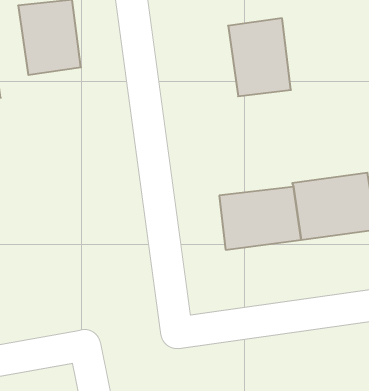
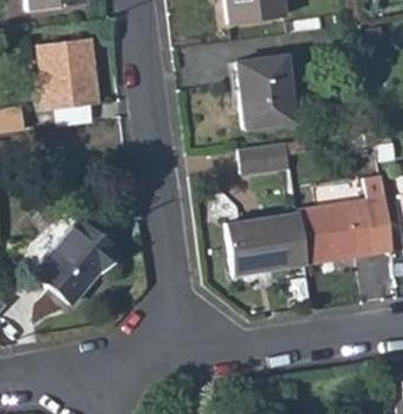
building: none -> [243,143,292,174]
building: none -> [34,220,119,303]

